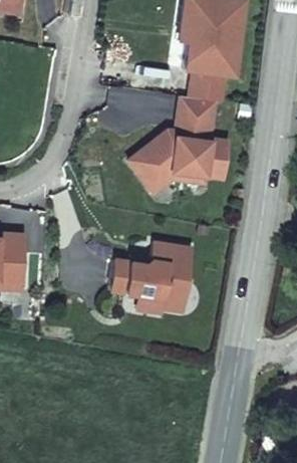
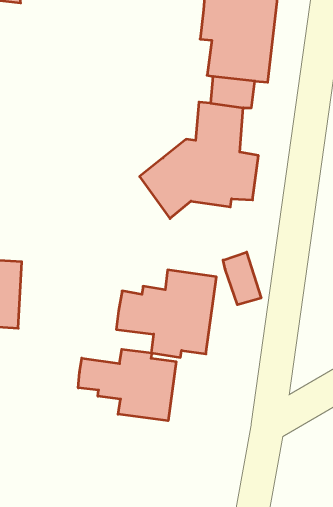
building: none -> [223,252,261,305]
building: none -> [78,349,176,421]

